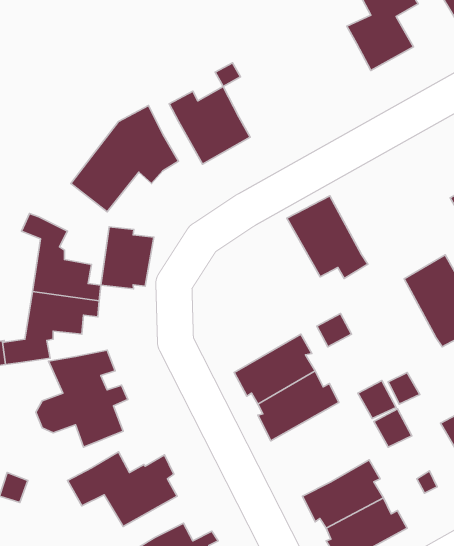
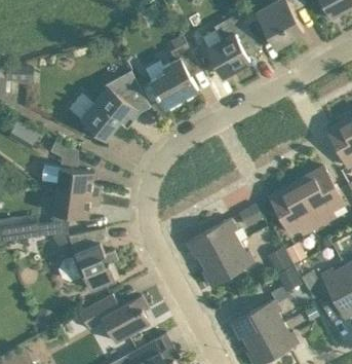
building: none -> [206,13,260,77]
building: [287,196,368,278] -> [268,182,320,235]
building: [101,227,154,289] -> none

